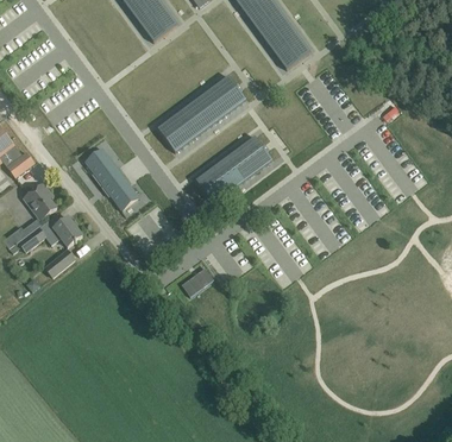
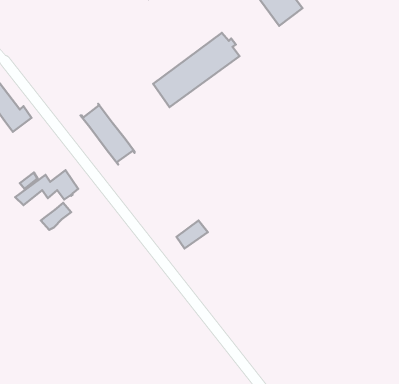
building: [195,134,272,203] -> none
building: [25,182,57,217] -> none

